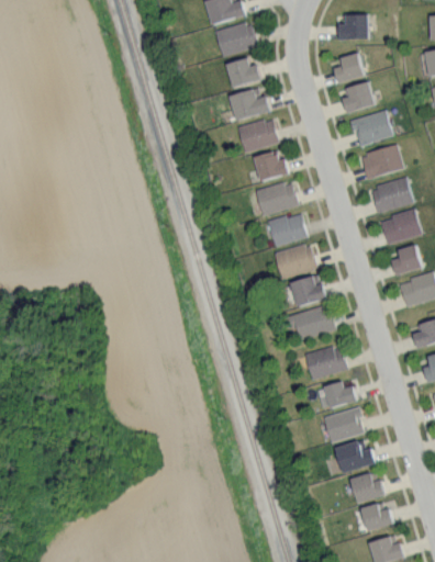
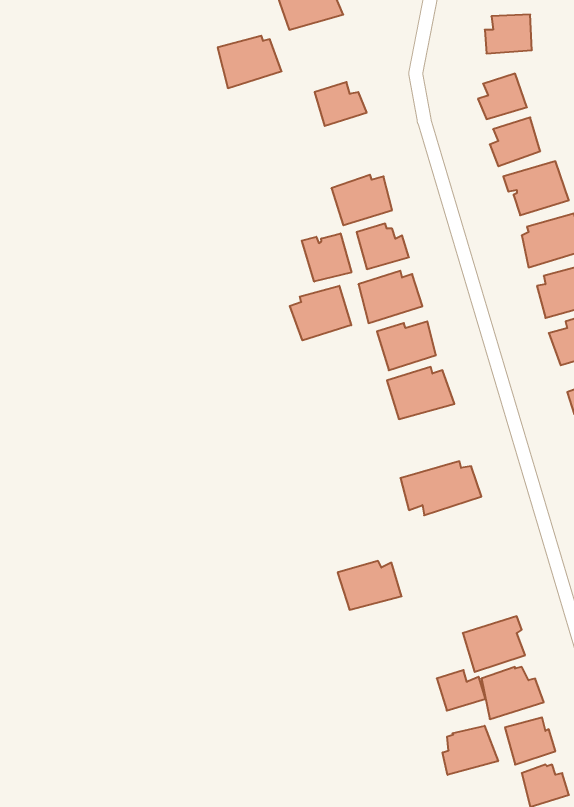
building: [215,22,257,56] -> [218,36,282,88]
building: [230,88,268,119] -> none
building: none -> [302,233,351,282]
building: none -> [290,286,351,340]
building: [290,276,326,306] -> none
building: [304,346,346,378] -> [338,561,402,610]
building: [324,381,356,407] -> [437,670,486,711]
building: none -> [443,726,498,775]

